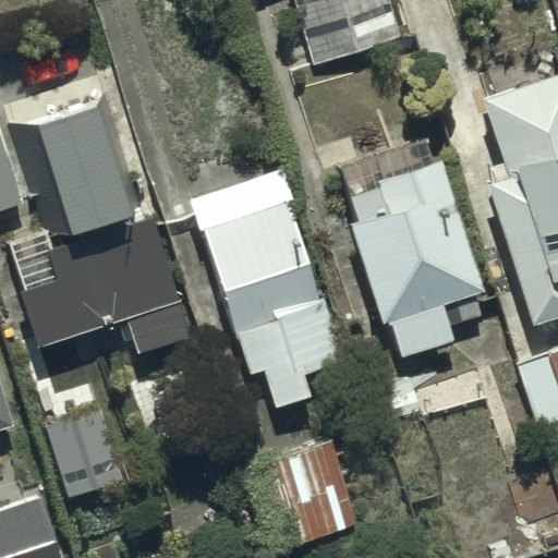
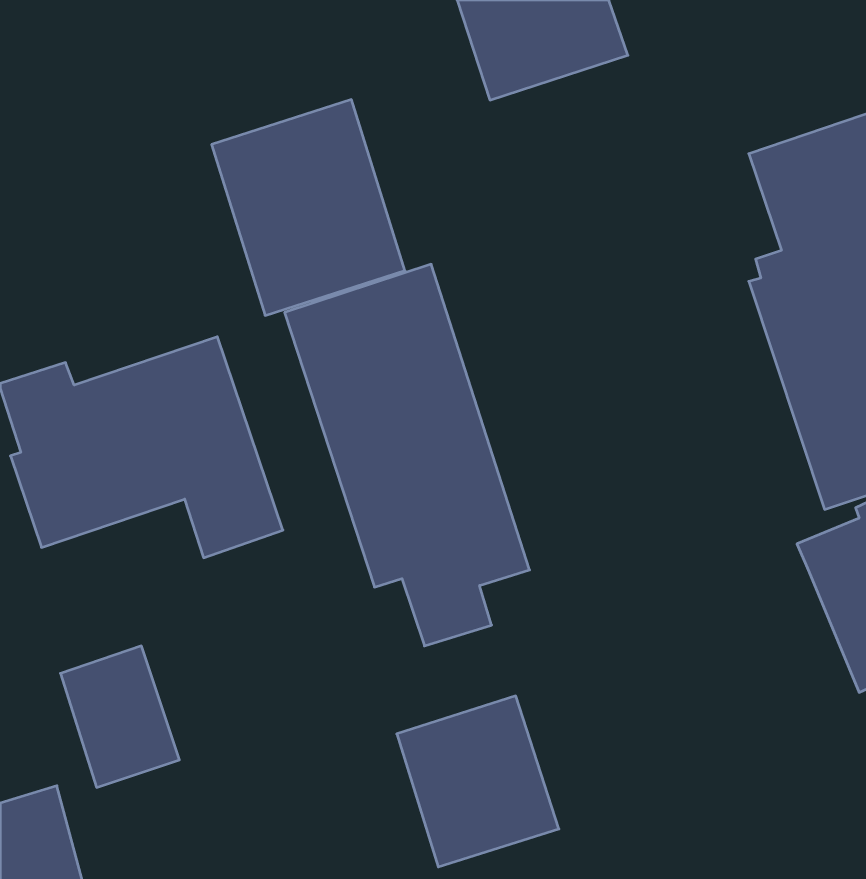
building: [23,94,145,230] -> [212,100,405,315]
building: [342,143,485,355] -> none

